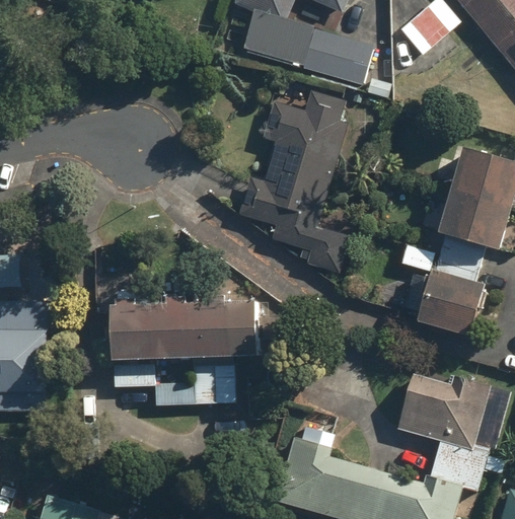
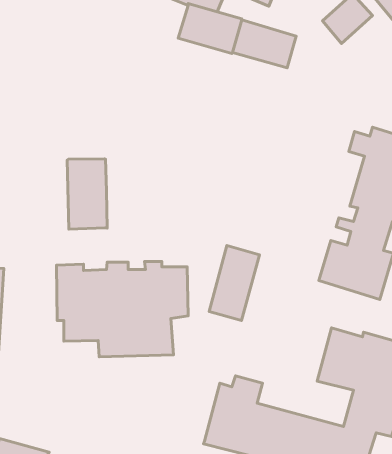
building: [240,89,350,273] -> none
building: none -> [67,159,107,229]
building: none -> [209,246,260,320]

